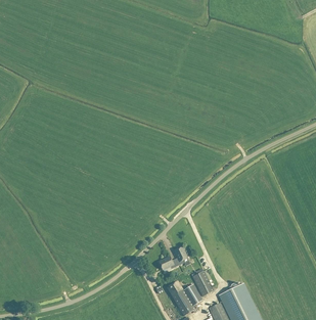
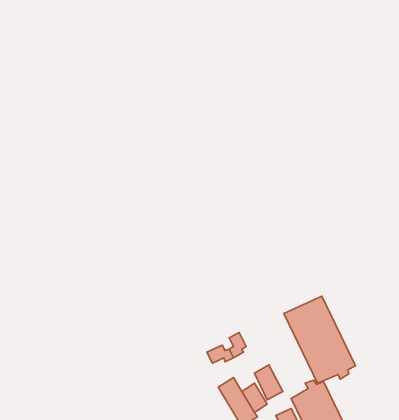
building: none -> [284,296,355,383]

